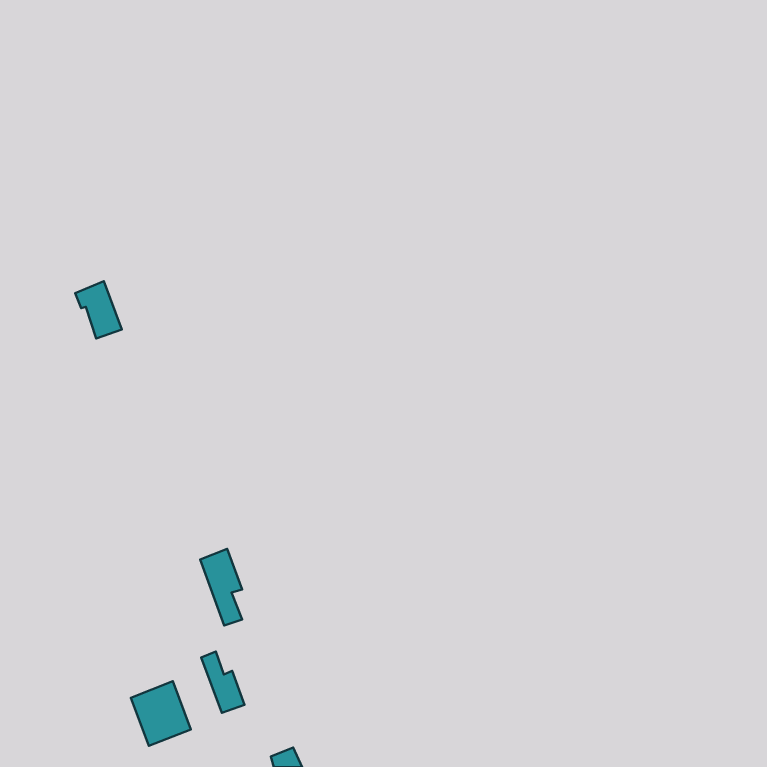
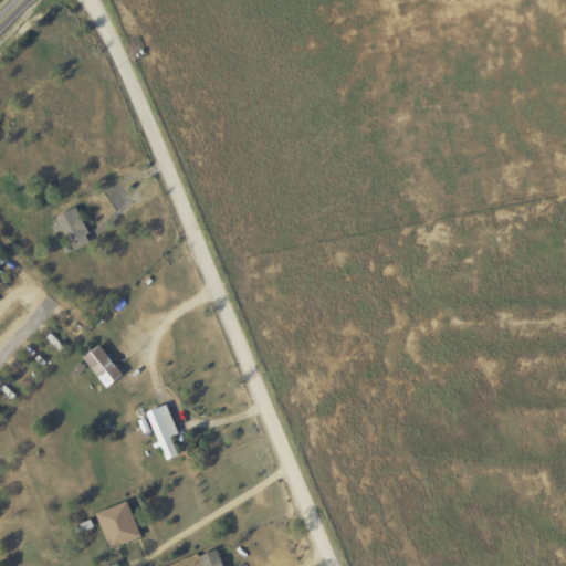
building: none -> [83,344,123,387]
building: [201,652,245,713] -> none

